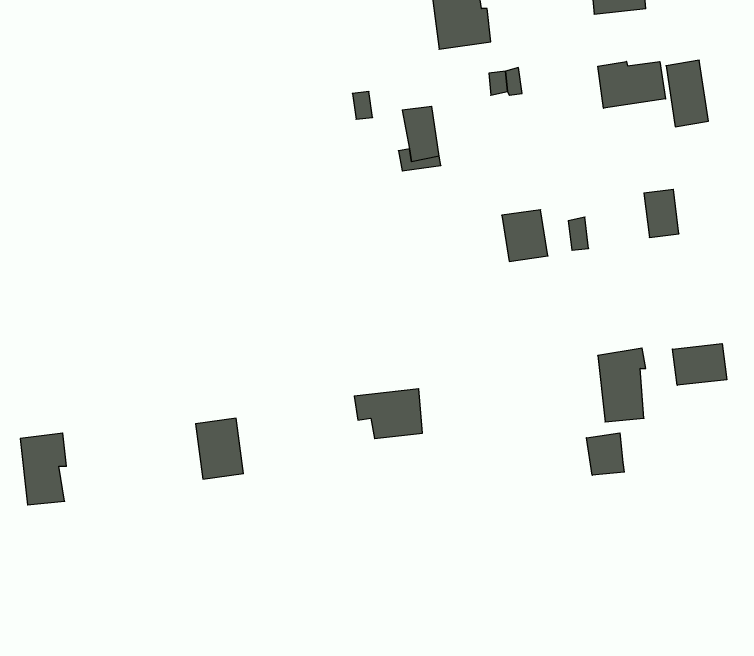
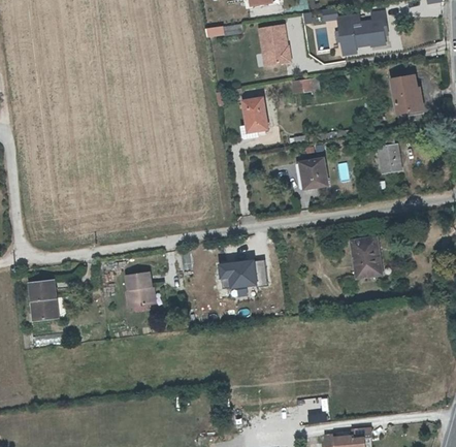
building: [598,61,666,108] -> none
building: [672,344,727,385] -> none
building: [586,433,624,475] -> none

